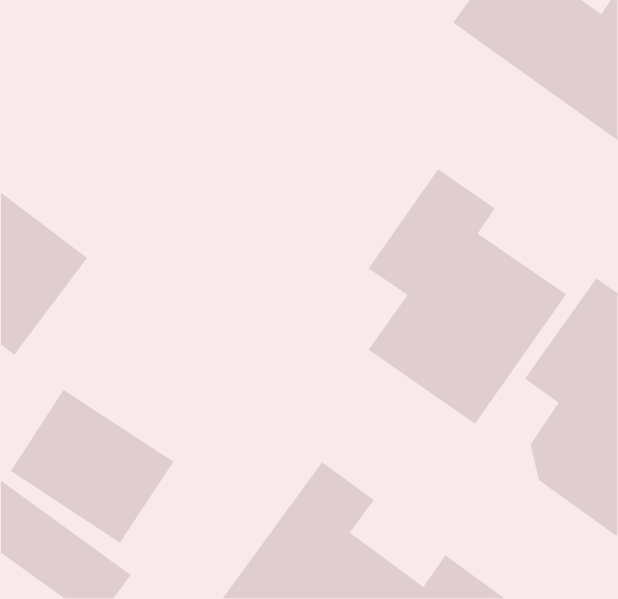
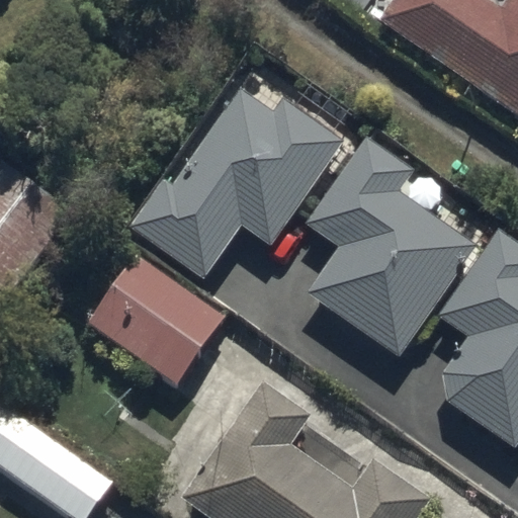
building: none -> [131,90,344,277]
building: [10,389,174,544] -> [87,253,225,382]

